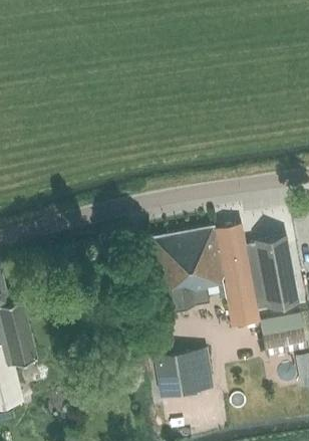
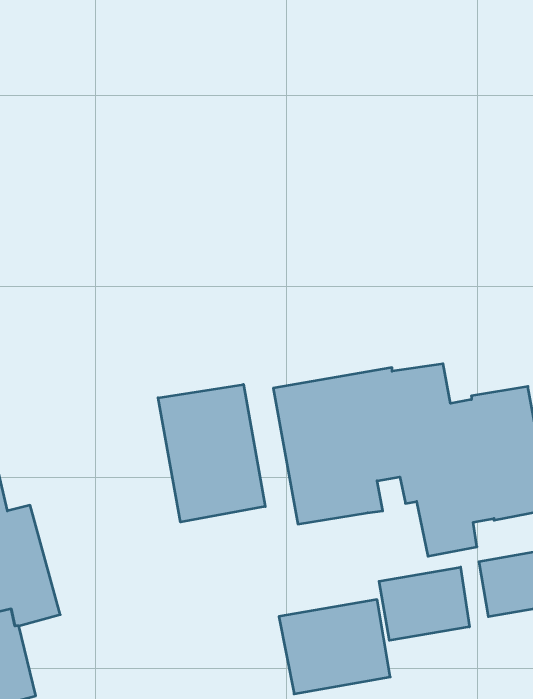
building: none -> [158,384,265,522]
building: none -> [379,567,469,640]

